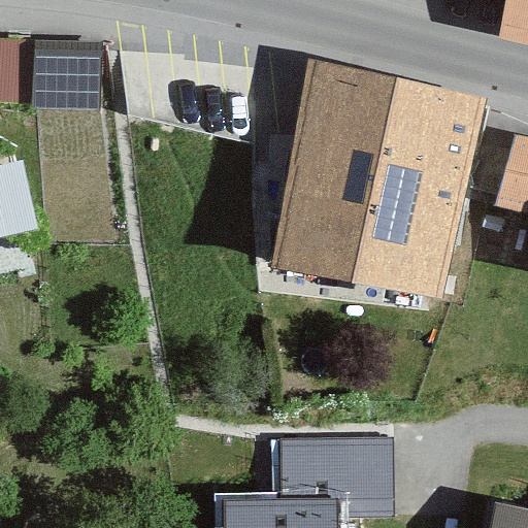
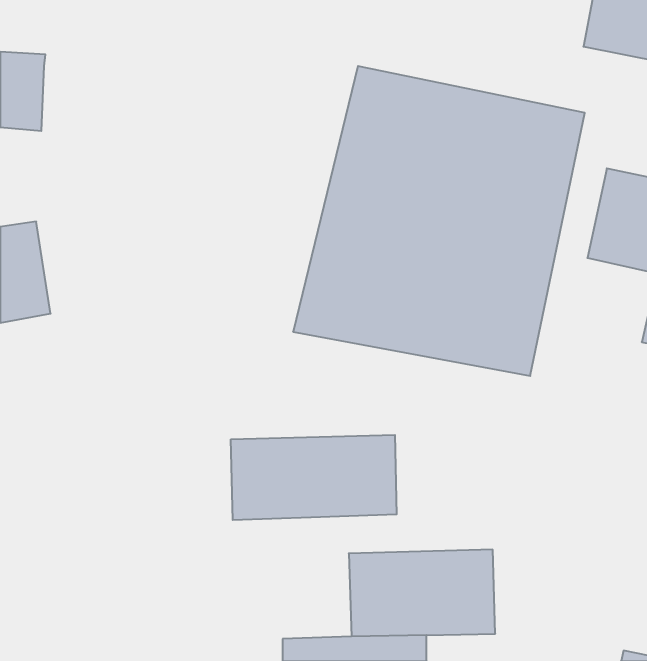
building: [45,53,104,111] -> none
building: none -> [231,435,397,520]

